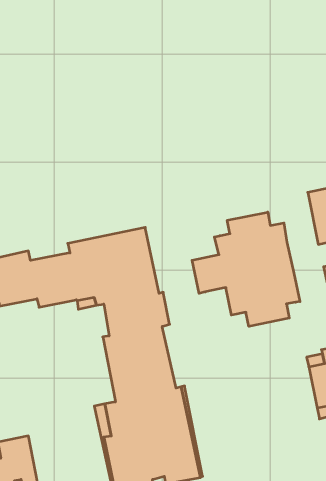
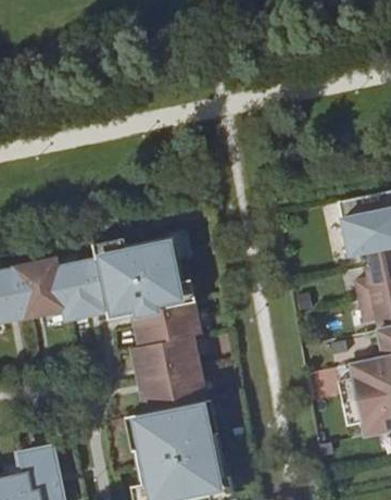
building: [192,212,300,326] -> none

